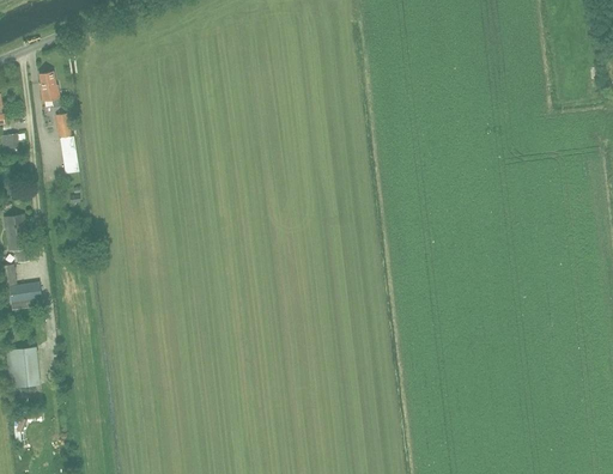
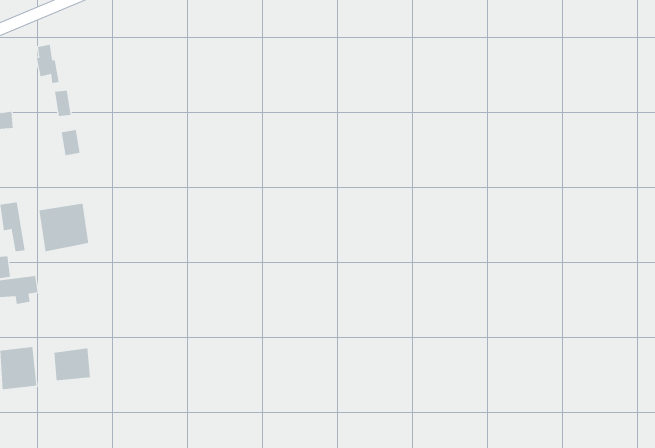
building: none -> [39,203,89,252]
building: none -> [54,348,91,381]

